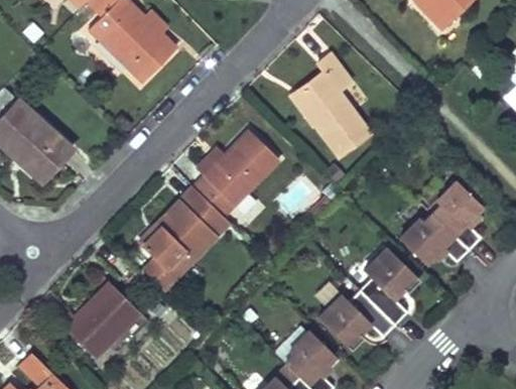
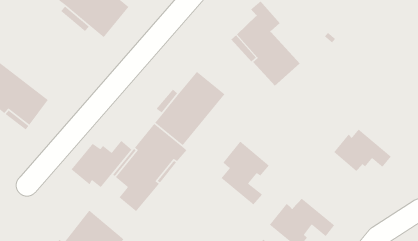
building: [432,180,482,249] -> none
building: none -> [71,140,133,188]
building: [359,246,418,323] -> [220,140,270,206]

